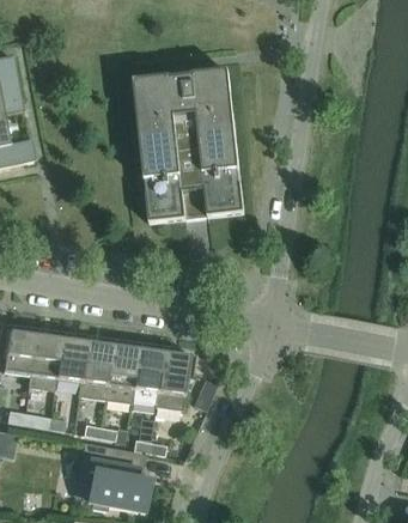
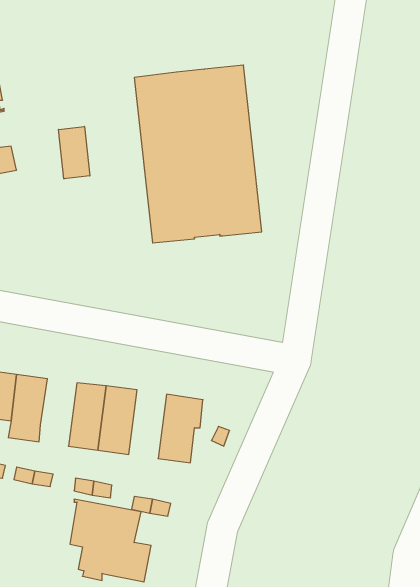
building: none -> [59,126,90,179]
building: [55,339,86,396] -> none
building: [130,348,163,407] -> none

